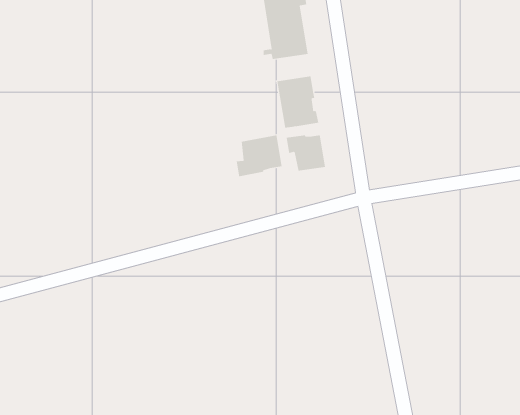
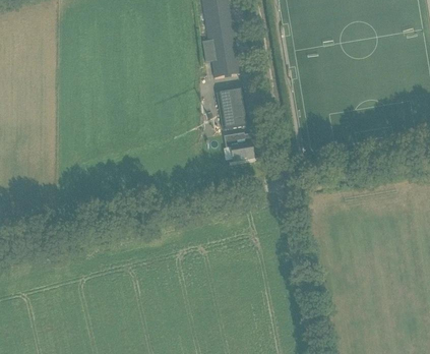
building: [236,135,282,177] -> none

